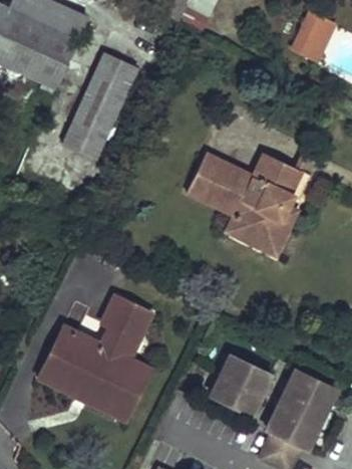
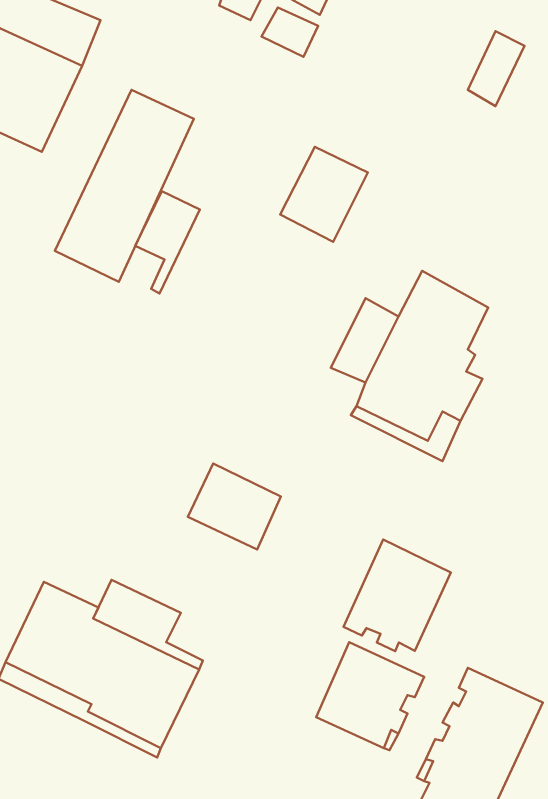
building: none -> [135,191,200,293]
building: [189,153,237,205] -> [280,147,368,242]
building: [97,292,148,339] -> [188,464,281,550]
building: none -> [343,540,451,651]

